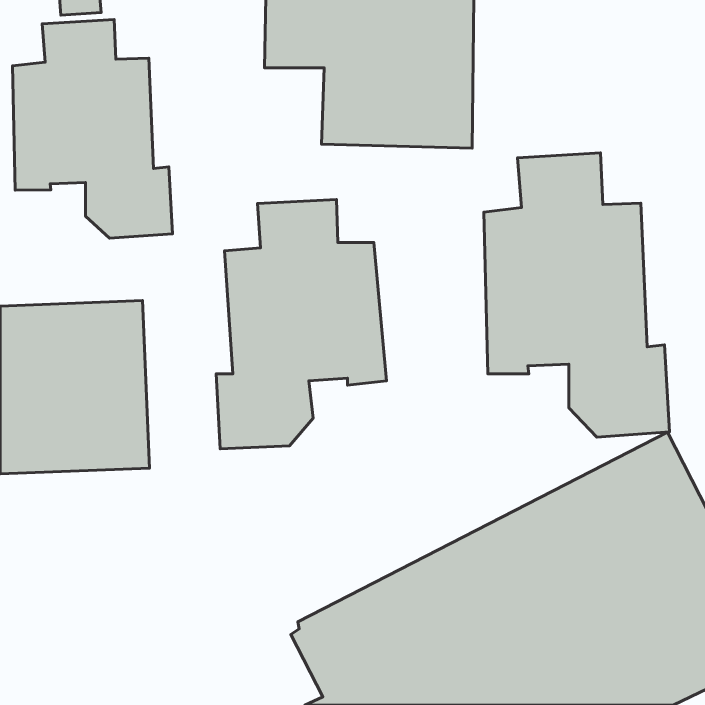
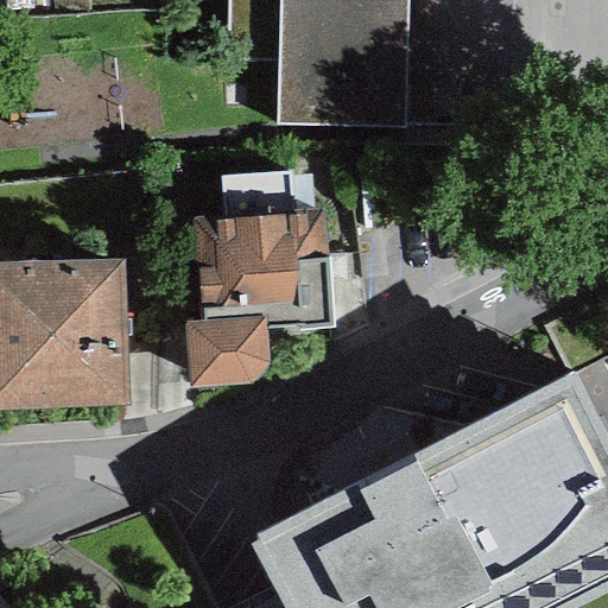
building: [13,20,172,238] -> none
building: [484,153,669,437] -> none

